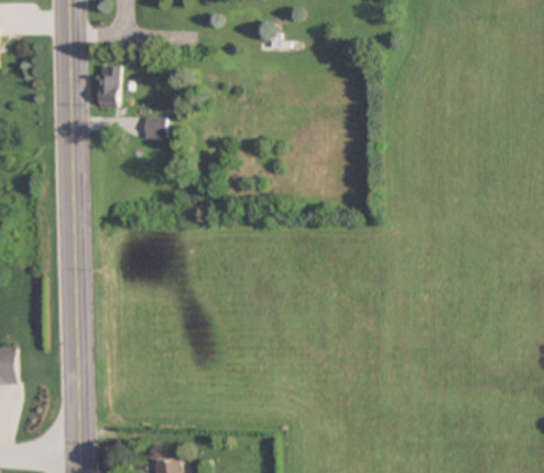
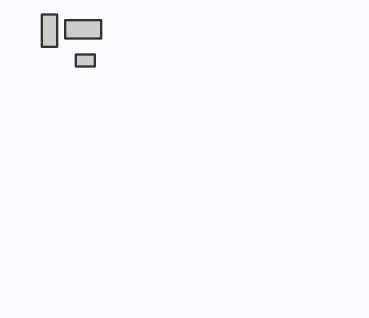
building: none -> [65,20,101,39]

